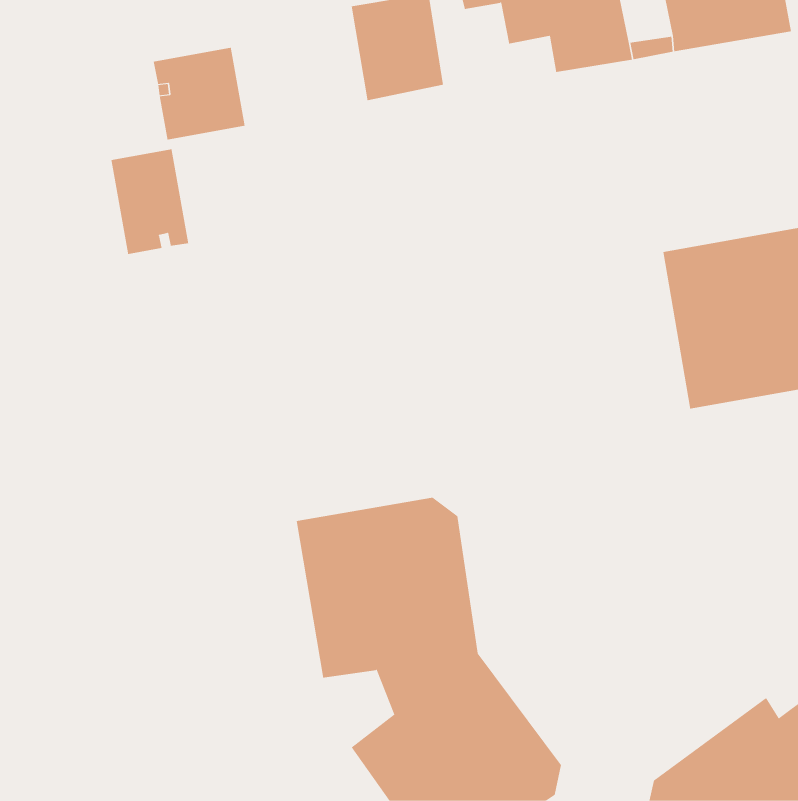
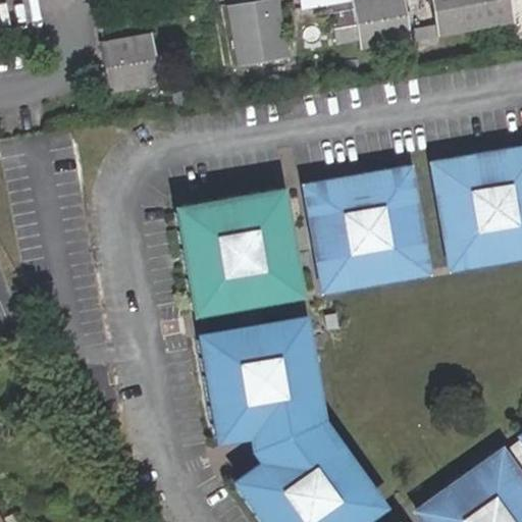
building: [111,149,189,255] -> none
building: none -> [306,169,426,285]
building: none -> [176,194,294,313]

